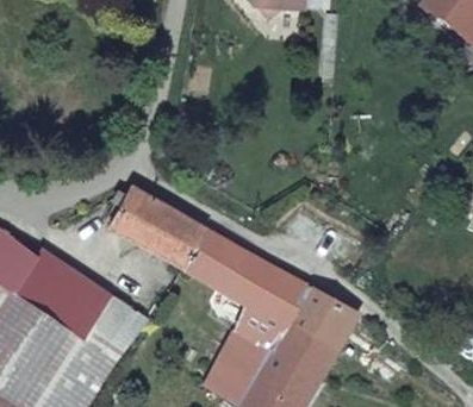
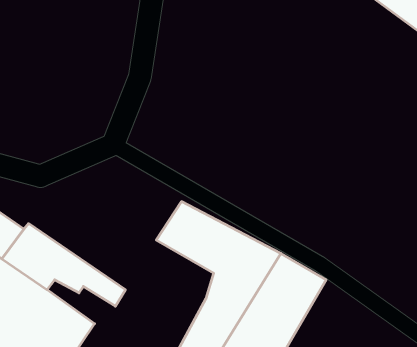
building: [108,189,205,269] -> none
building: [60,312,133,364] -> none

